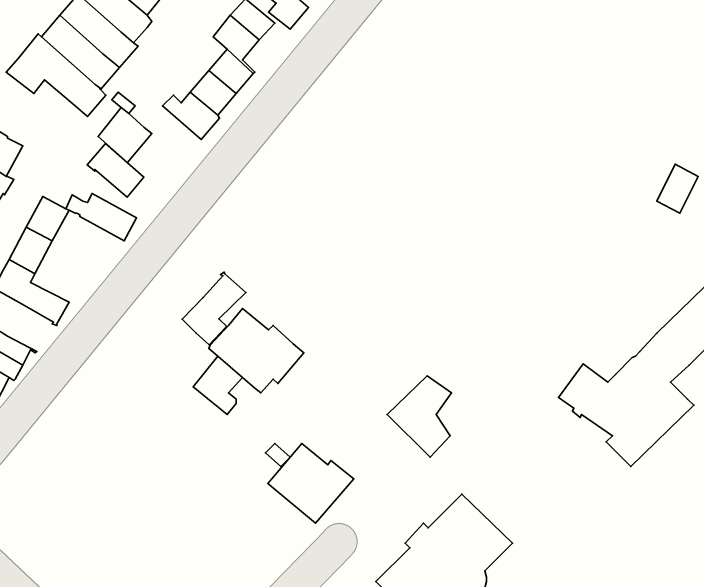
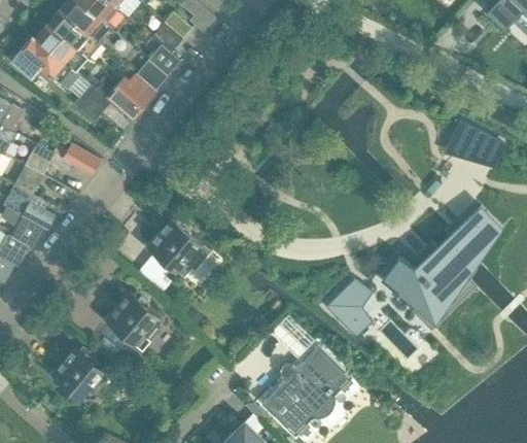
building: [87,143,144,197] -> [104,84,142,121]
building: [182,272,246,345] -> none
building: none -> [12,218,43,249]
building: [387,376,452,457] -> [326,280,370,335]
building: [268,443,354,523] -> [106,294,164,347]
building: none -> [51,346,108,403]

